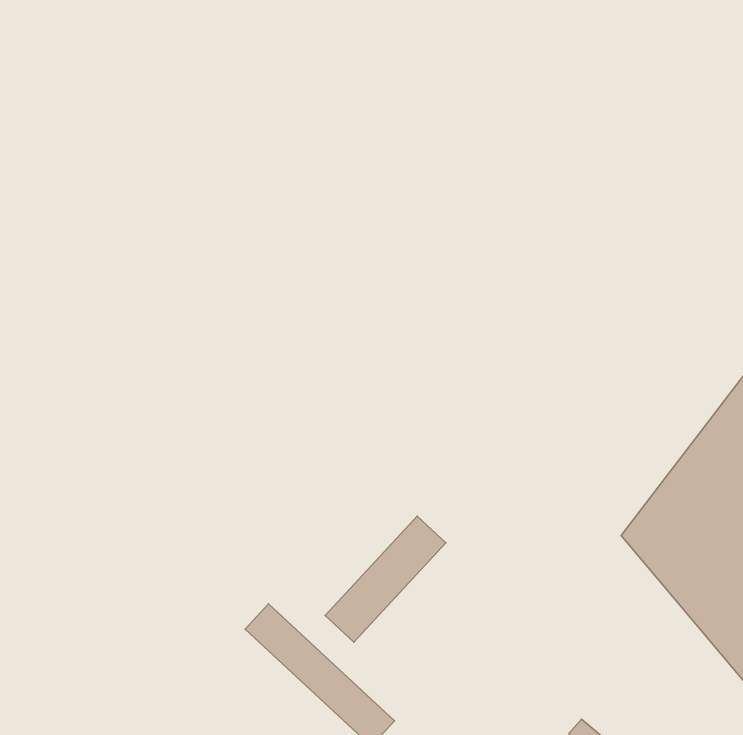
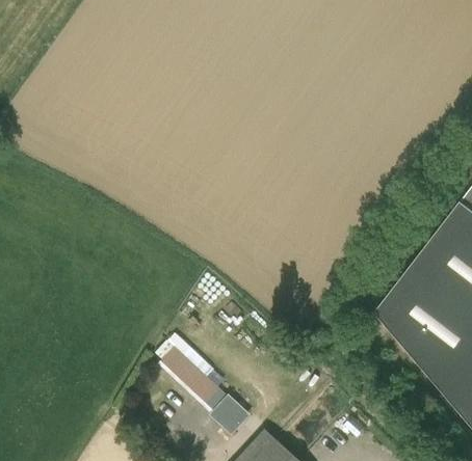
building: [325,516,446,642] -> none

